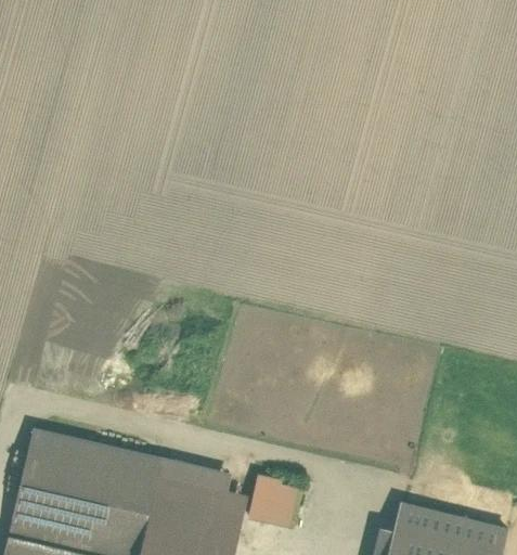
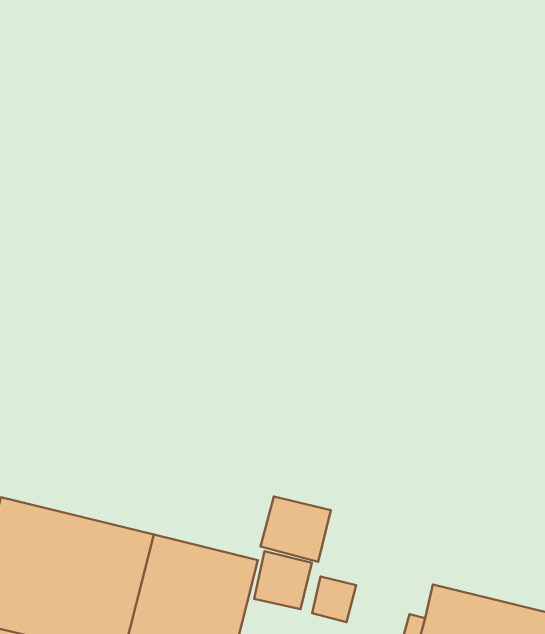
building: none -> [261,497,331,562]
building: none -> [312,577,356,622]

